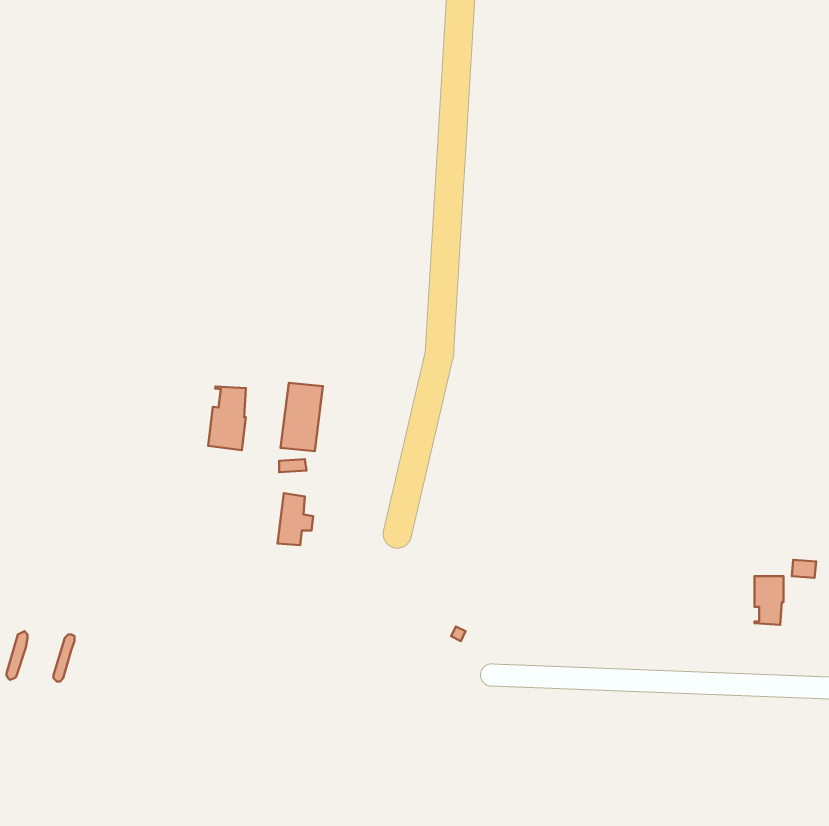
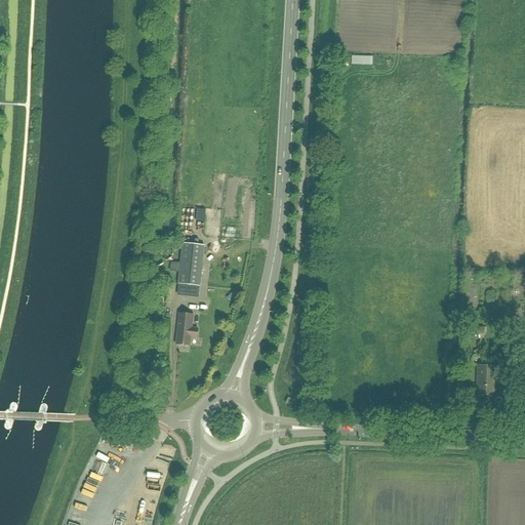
building: [208,386,246,450] -> none

